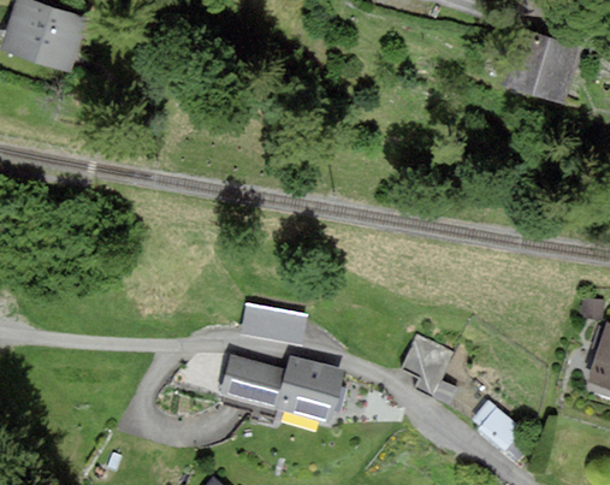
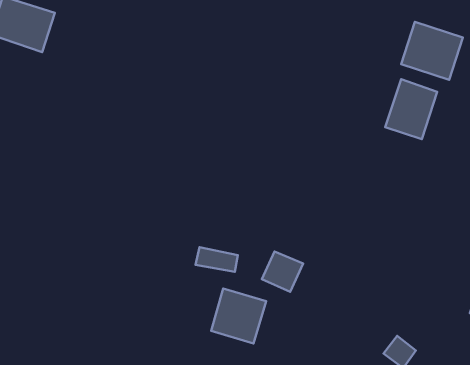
building: none -> [385,79,437,139]
building: [401,327,451,377] -> [262,252,303,292]
building: [215,354,278,416] -> none

